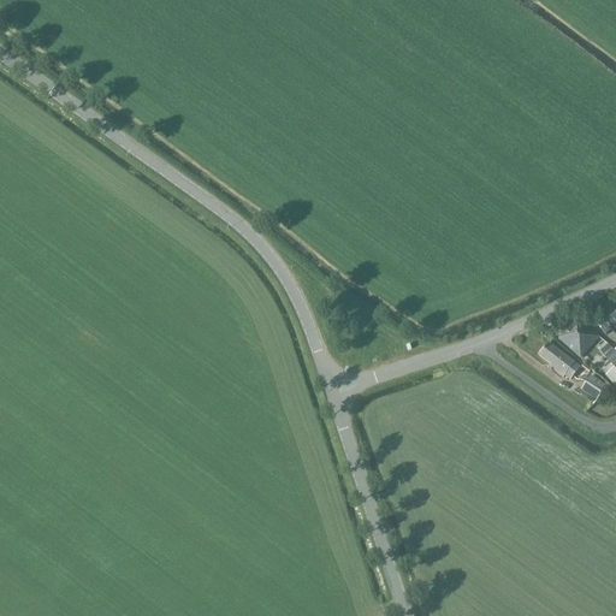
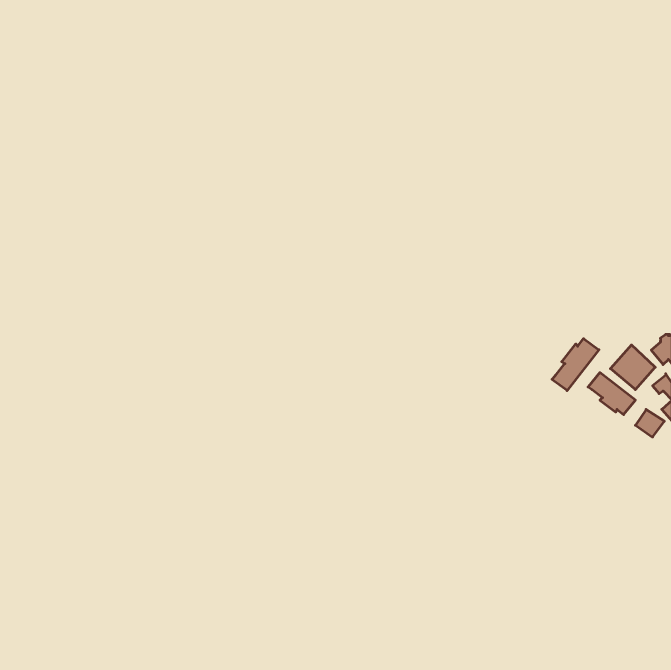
building: none -> [552,339,599,391]

